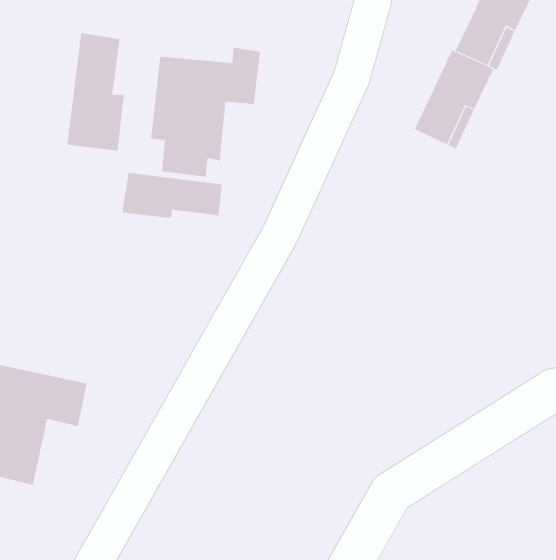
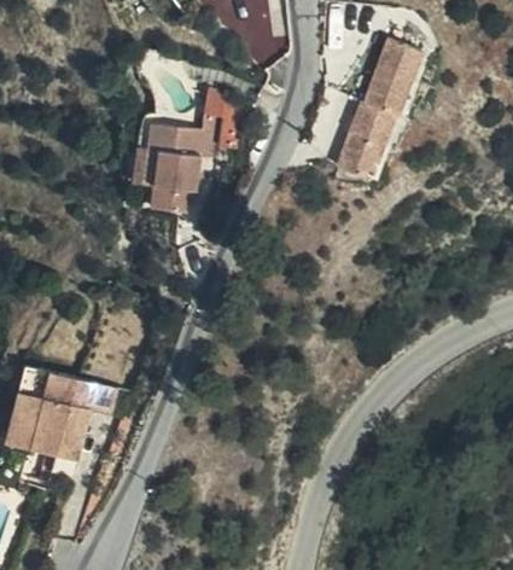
building: [67,32,124,152] -> none
building: [122,172,223,219] -> none

